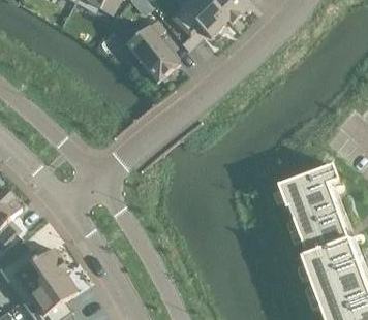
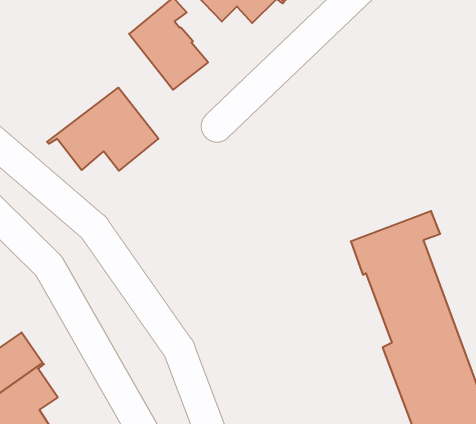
building: none -> [47,88,158,171]

